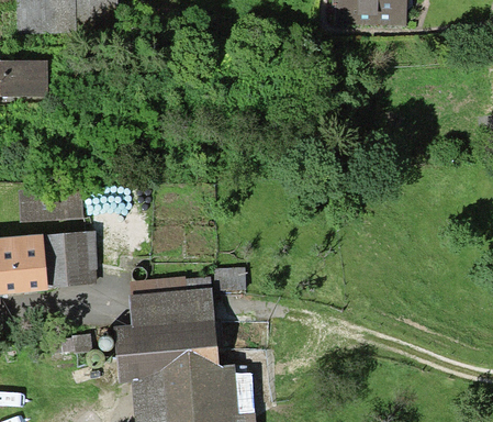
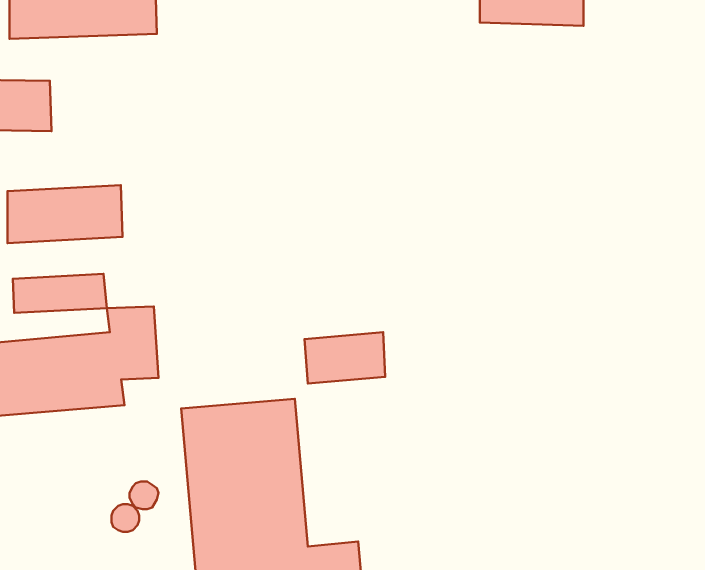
building: none -> [8,185,123,243]
building: none -> [305,332,385,384]

